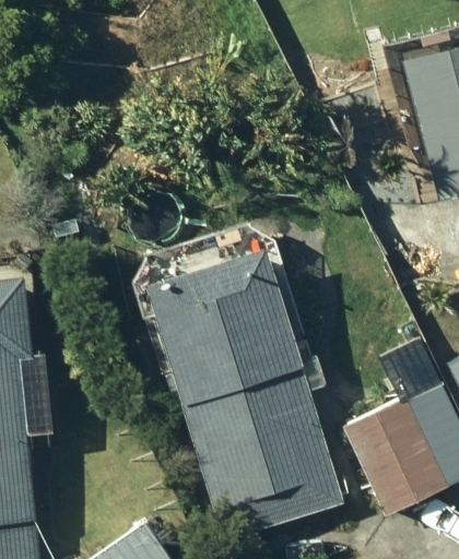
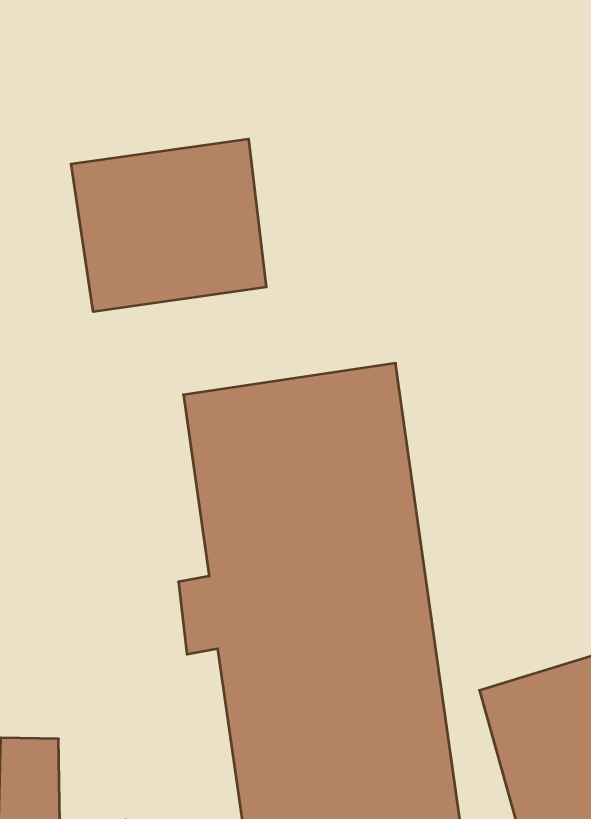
building: none -> [71,139,266,312]

